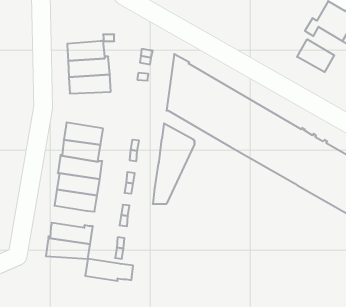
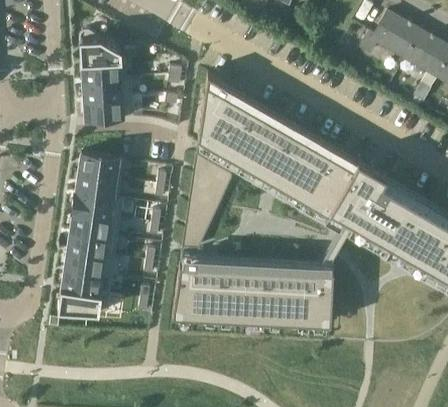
building: none -> [79,32,121,64]
building: [297,39,334,72] -> none
building: none -> [172,257,333,325]
building: [85,259,133,281] -> [64,252,120,278]

